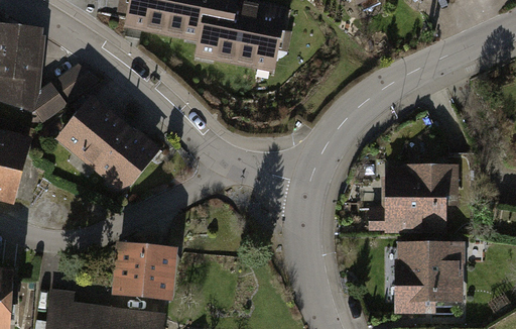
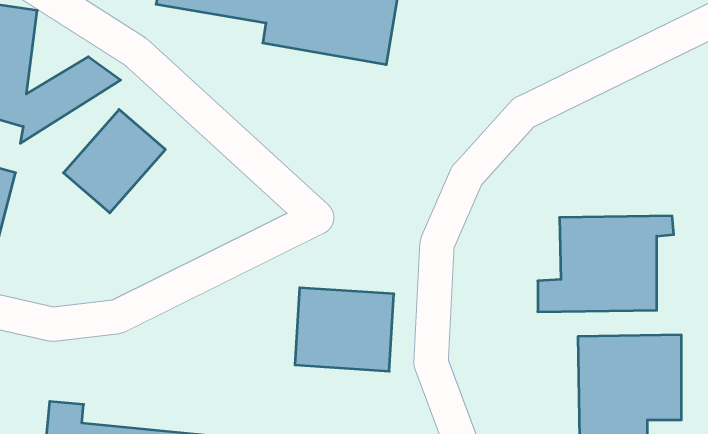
building: [90,123,156,191] -> none
building: [114,245,178,300] -> [295,288,394,371]

